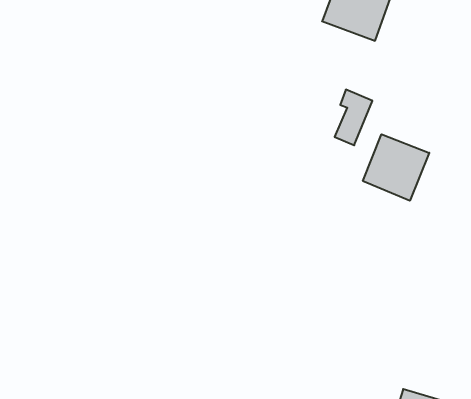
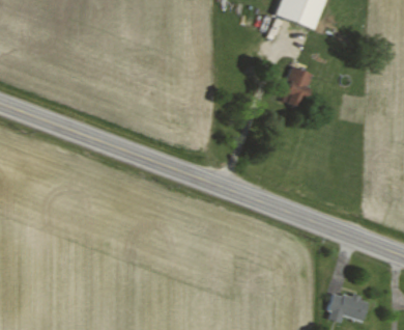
building: [363,134,429,201] -> none

